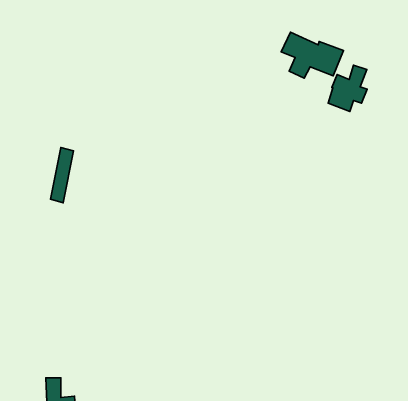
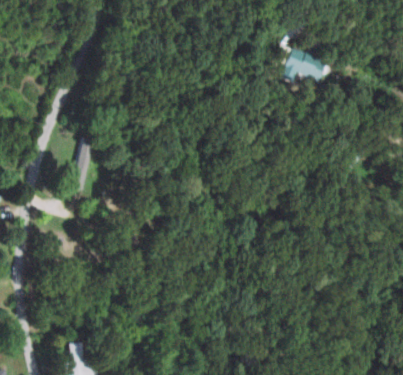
building: [328,65,367,111] -> none

